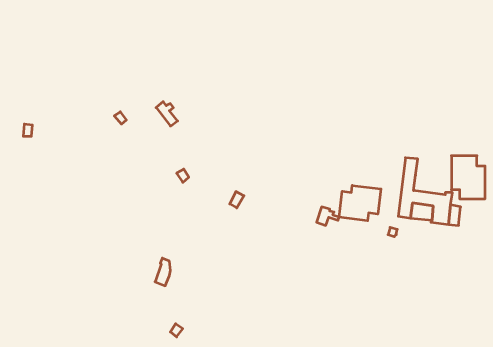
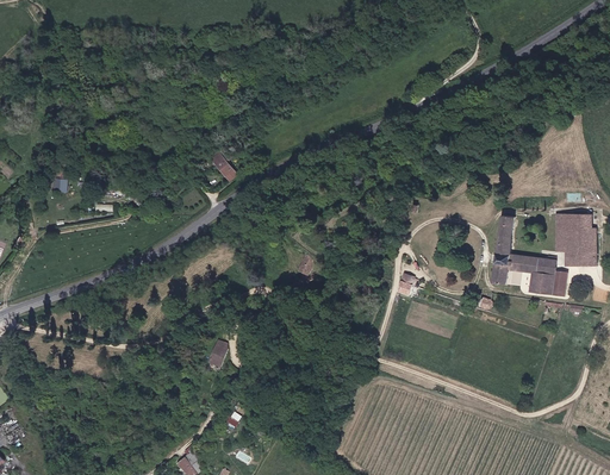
building: [339,185,381,221] -> none

